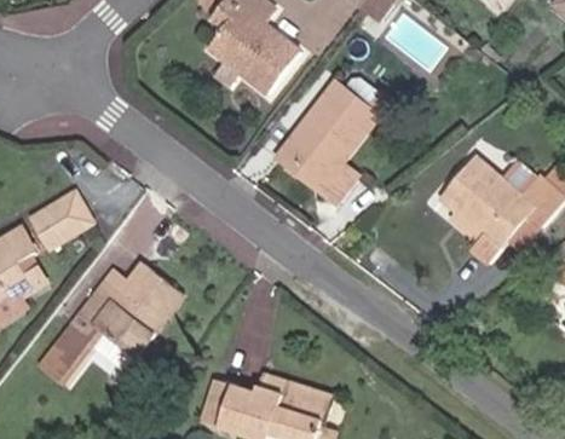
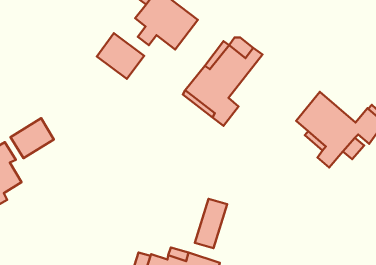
building: none -> [97,33,144,79]
building: [39,261,183,381] -> none
building: none -> [195,199,227,248]

